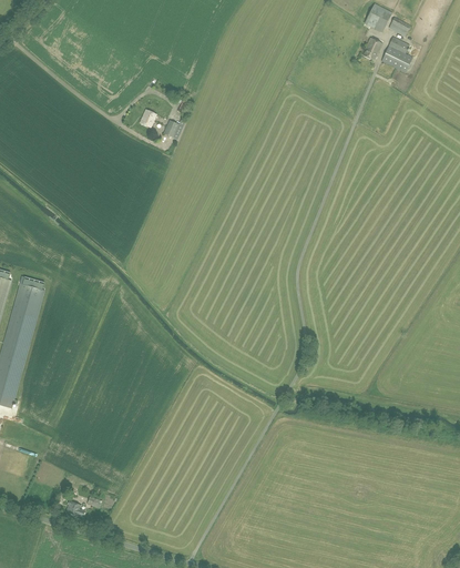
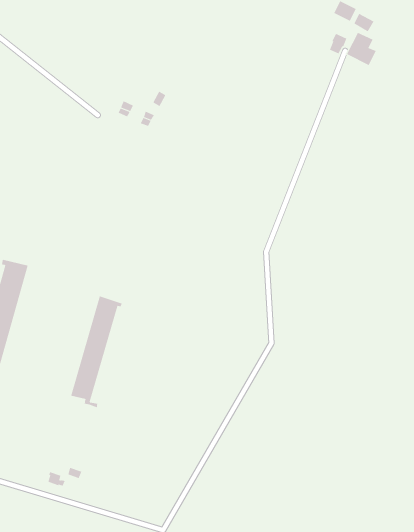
building: none -> [71,296,122,408]

